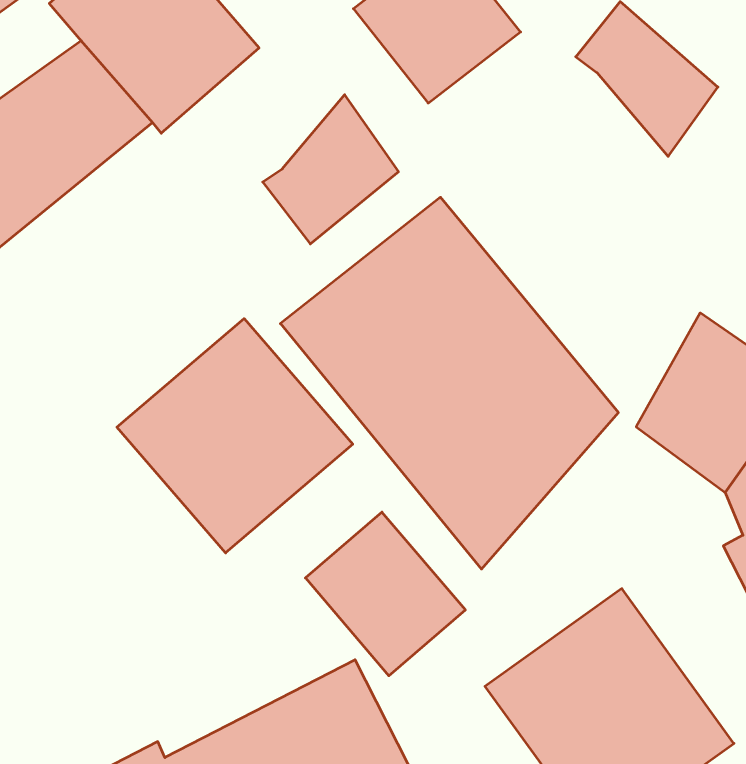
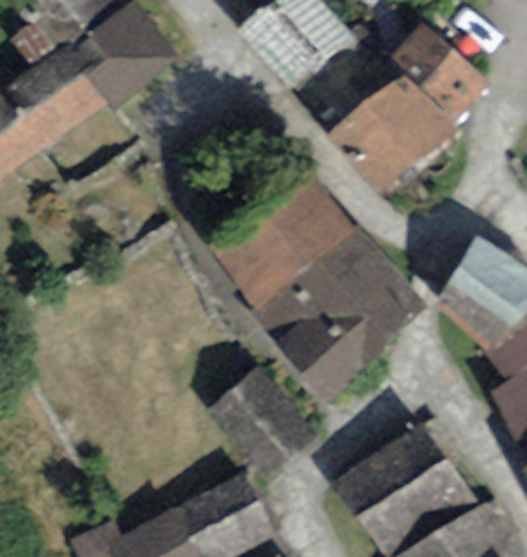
building: none -> [333,70,455,188]
building: [263,95,398,244] -> none
building: [117,319,353,553] -> none

